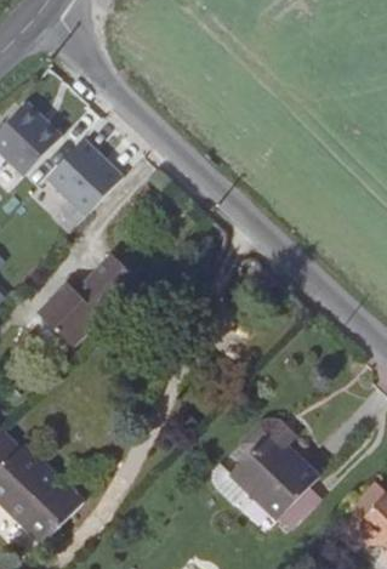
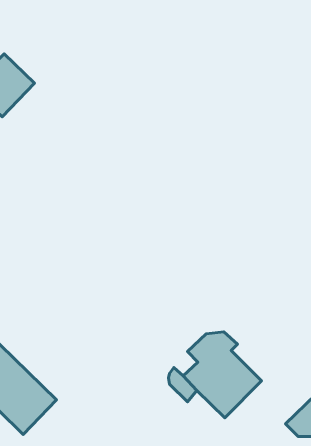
building: [44,141,118,215] -> none
building: [41,252,142,346] -> none

